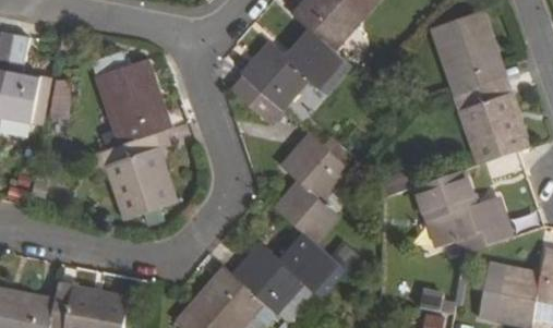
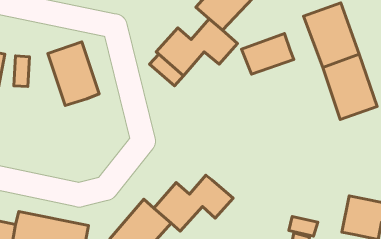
building: none -> [242,34,294,74]
building: [104,136,170,217] -> none
building: [275,136,349,243] -> none
building: [414,170,508,254] -> none

